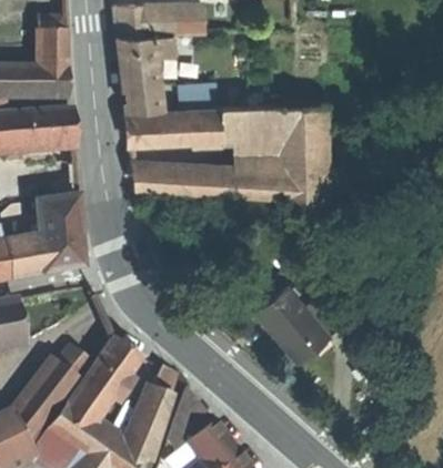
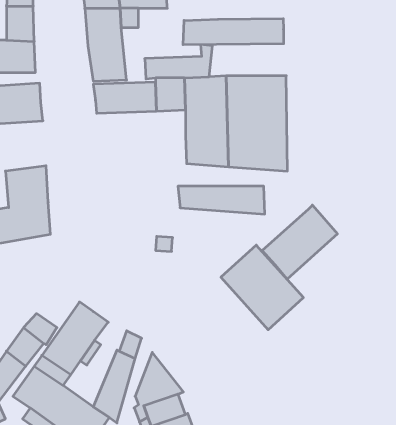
building: none -> [183,19,284,45]
building: [132,165,222,194] -> [178,186,265,214]
building: none -> [262,205,337,279]

